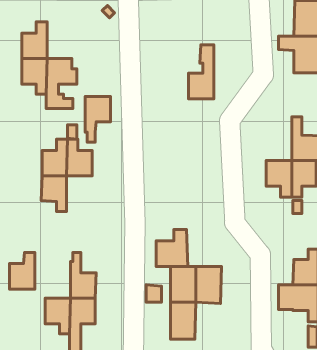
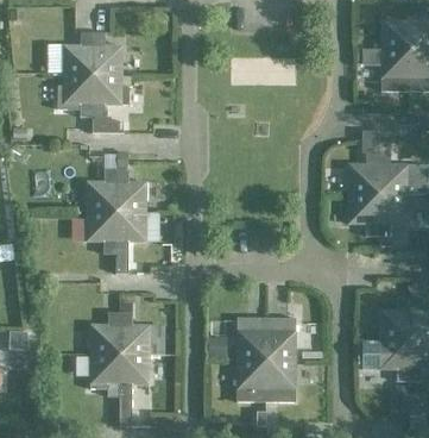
building: none -> [93,32,121,75]
building: [188,45,214,99] -> [348,131,378,194]
building: [85,96,111,142] -> [115,212,145,265]
building: [156,230,188,267] -> none
building: [9,252,35,289] -> [90,312,120,355]
building: none -> [265,359,295,402]

